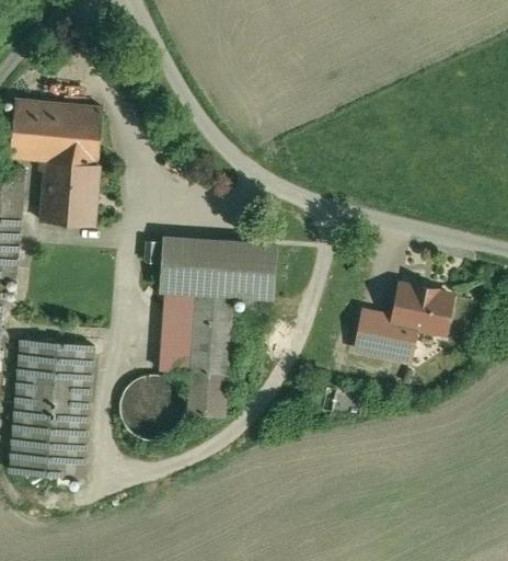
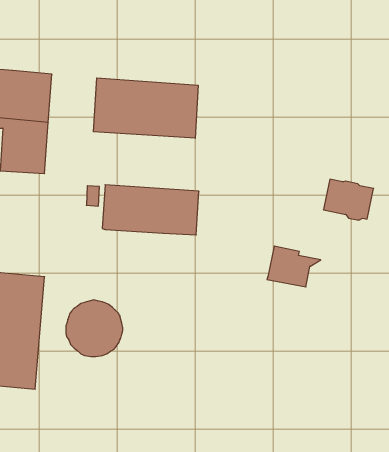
building: none -> [94,78,198,138]
building: [392,284,451,332] -> [323,179,374,220]
building: [159,289,232,416] -> none

